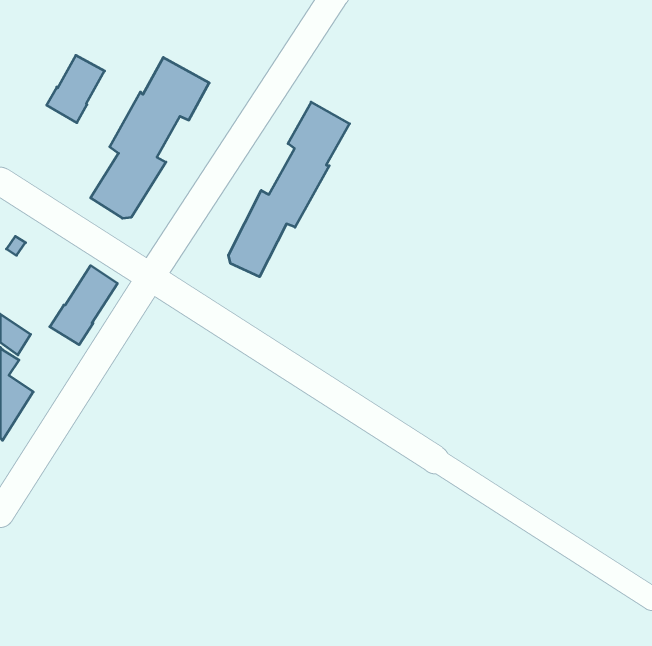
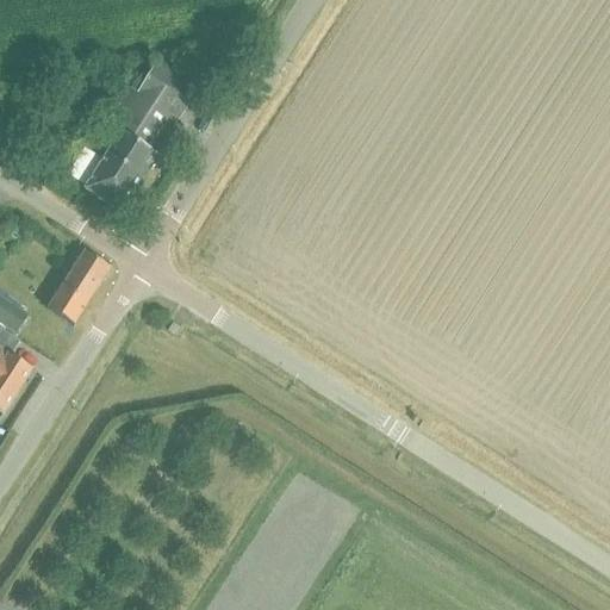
building: [47,55,105,123] -> none
building: [228,102,350,277] -> none

